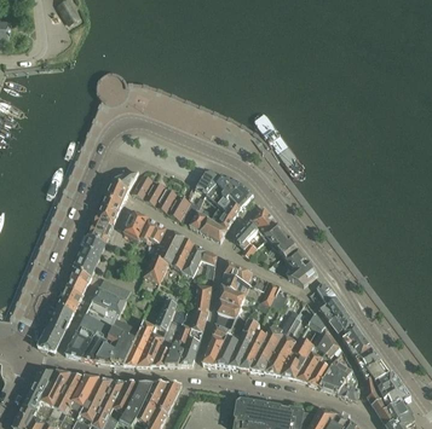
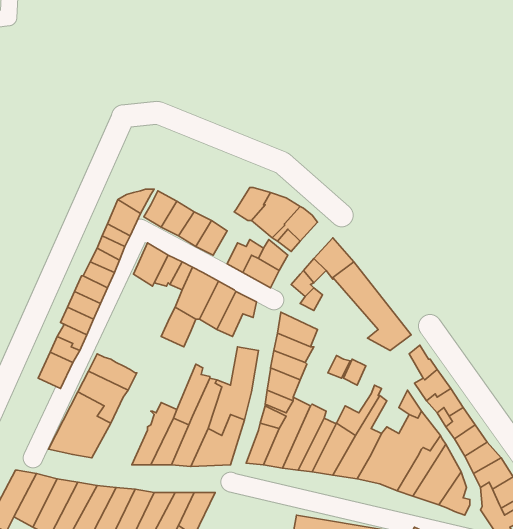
building: [38,305,74,350] -> none
building: [96,318,139,365] -> none

